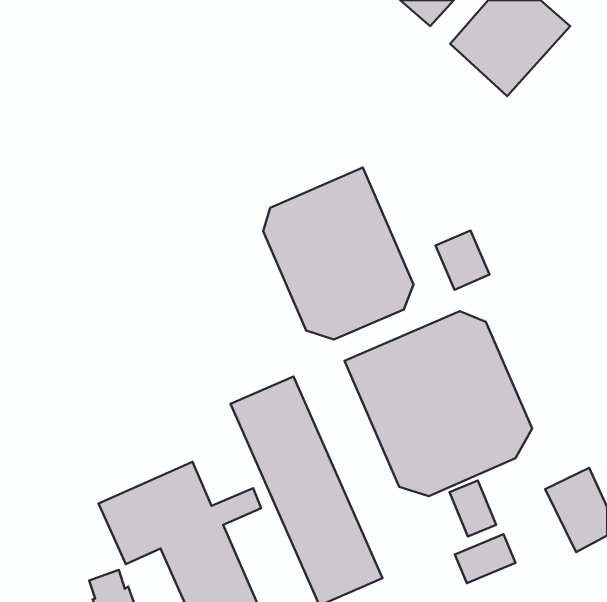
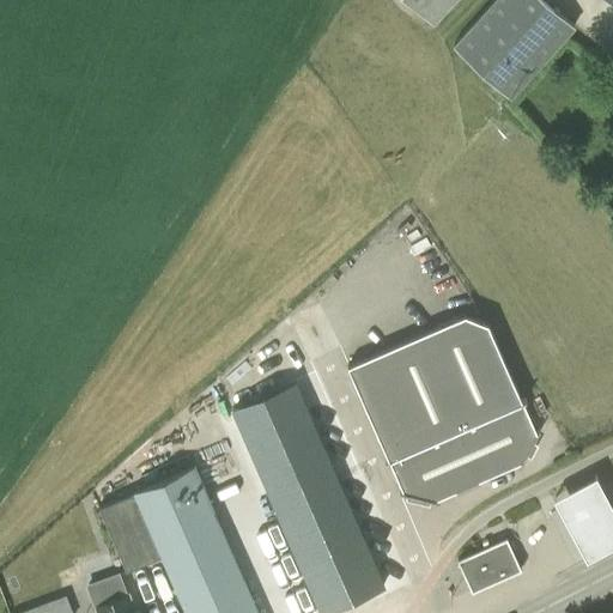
building: [263,168,413,339] -> none
building: [436,231,490,290] -> none
building: [449,480,496,536] -> none

